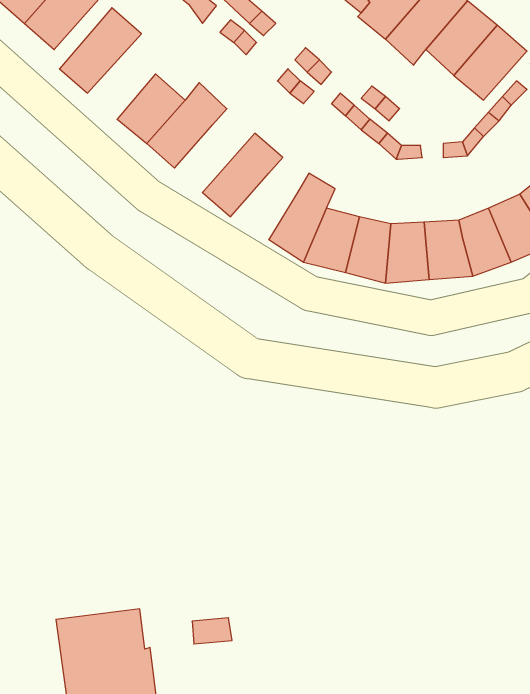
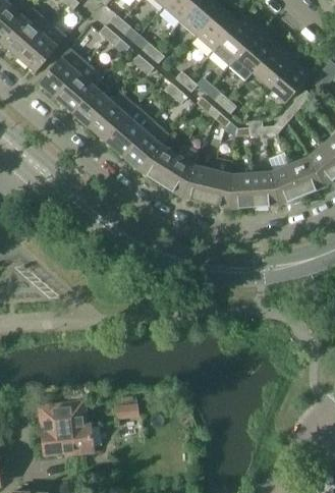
building: none -> [54,63,102,113]
building: none -> [105,107,152,156]
building: none -> [137,145,177,183]

